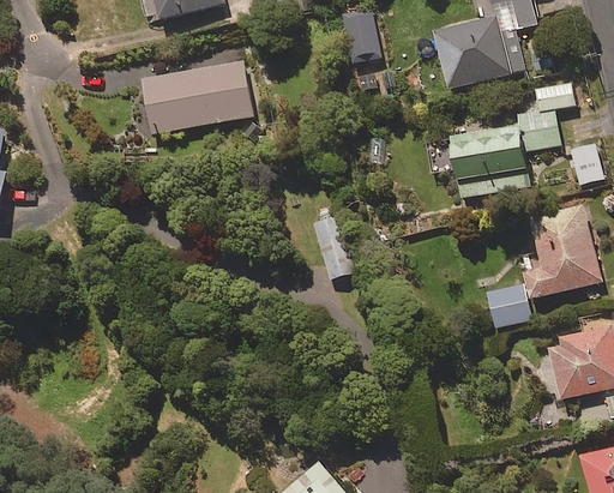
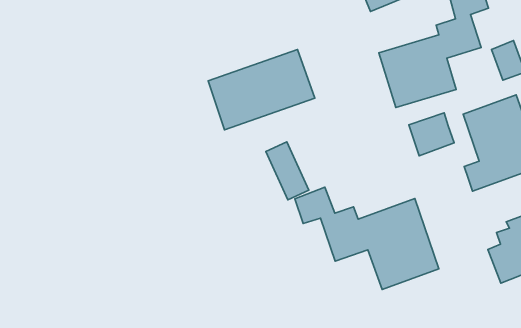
building: [140,59,252,133] -> [208,49,315,130]
building: none -> [295,187,439,289]
building: [486,283,531,325] -> [409,113,454,156]

